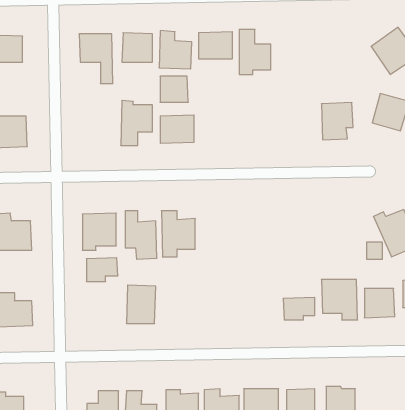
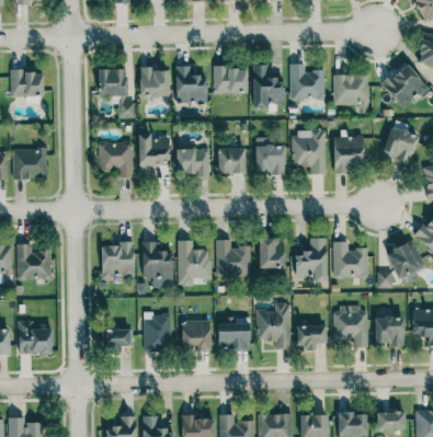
building: none -> [289,64,324,100]
building: none -> [333,74,368,113]
building: [160,76,188,102] -> [218,148,246,173]
building: none -> [292,130,326,174]
building: none -> [254,137,285,173]
building: none -> [99,141,133,177]
building: none -> [259,238,285,268]
building: none -> [216,240,251,276]
building: none -> [295,240,327,281]
building: none -> [333,241,367,277]
building: [86,258,118,281] -> [102,329,133,352]
building: none -> [257,303,290,349]
building: none -> [218,318,249,349]
building: none -> [182,320,210,349]
building: none -> [376,412,404,429]

